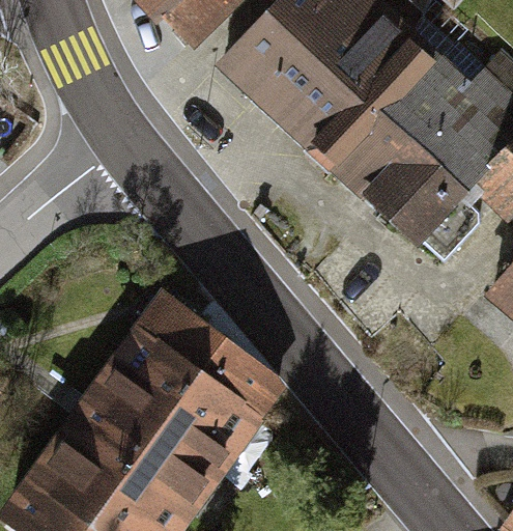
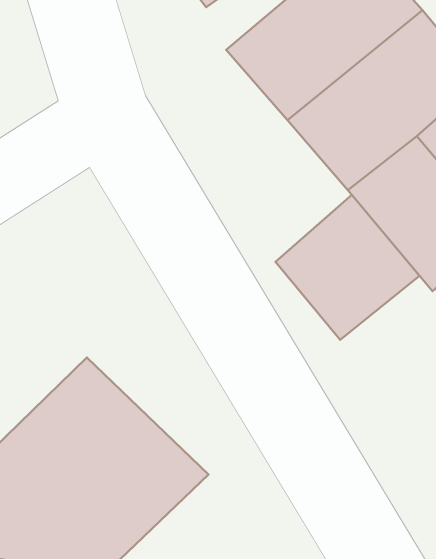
building: none -> [275,195,420,340]
building: [139,303,289,430] -> none

